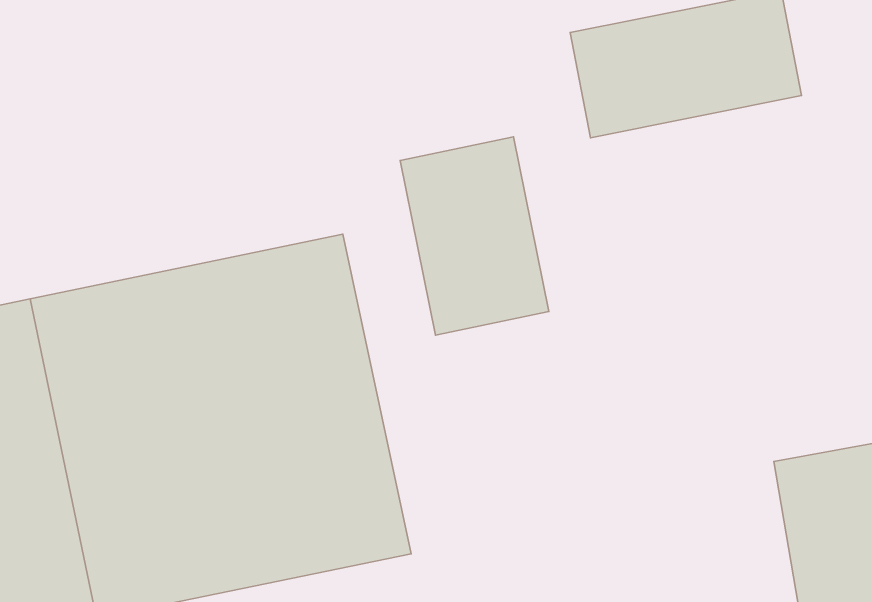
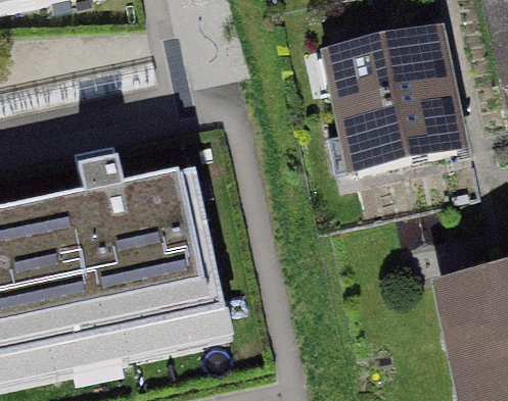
building: none -> [334,89,464,177]
building: [400,137,549,335] -> none

